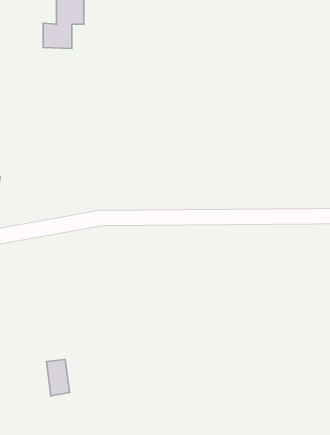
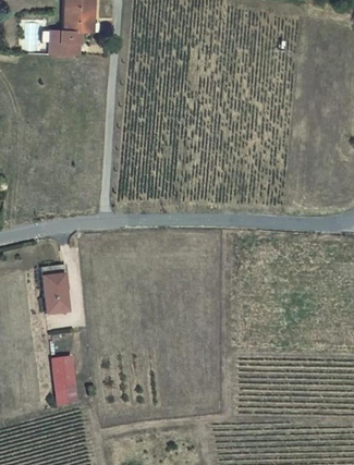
building: none -> [40,266,71,319]

